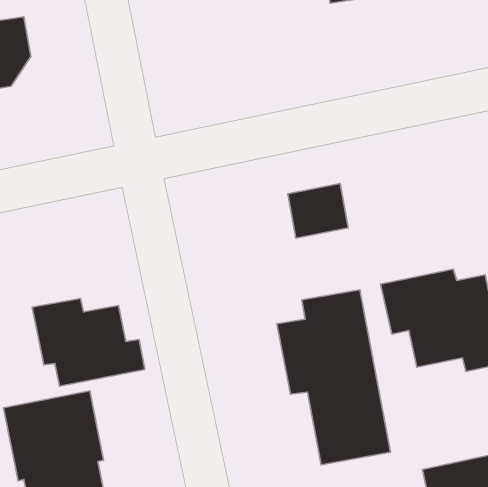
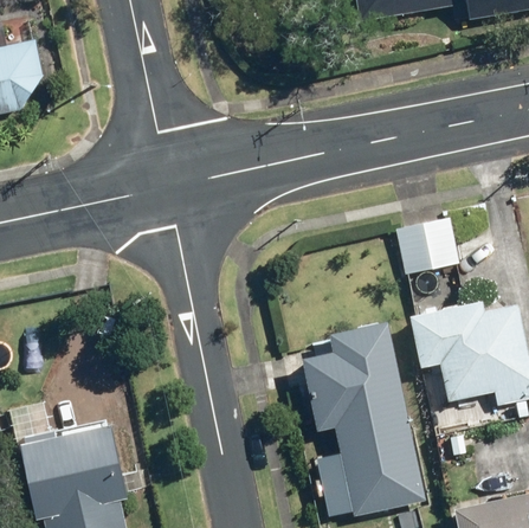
building: [288,184,348,238] -> [394,219,457,276]
building: [32,298,145,386] -> none

